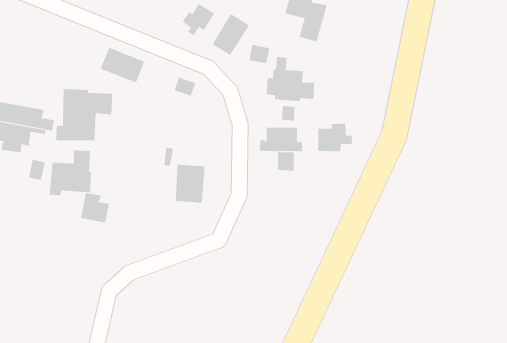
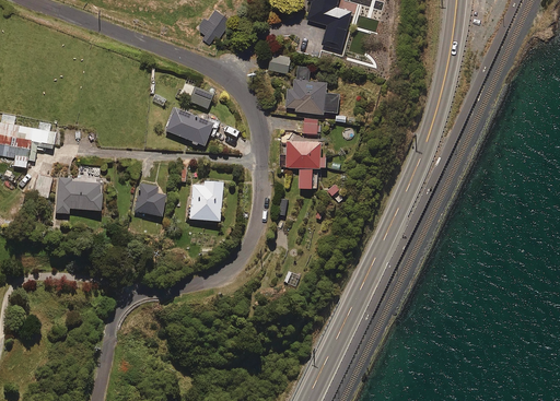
building: [212,13,250,56] -> none
building: [100,47,145,83] -> [164,108,212,146]
building: [56,88,113,141] -> none
building: [318,123,353,152] -> none
building: [80,192,110,223] -> [133,184,165,216]

